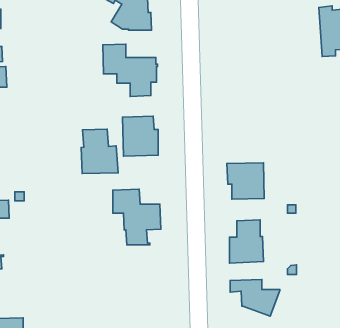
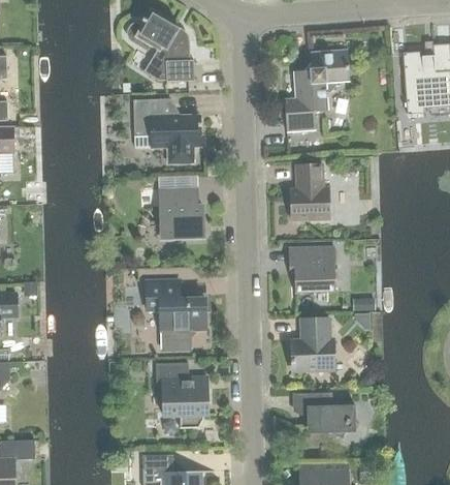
building: none -> [284,51,349,129]
building: none -> [290,163,329,219]
building: [81,129,118,174] -> none
building: none -> [155,362,208,428]

